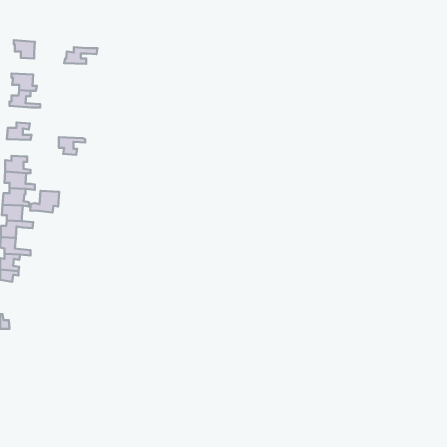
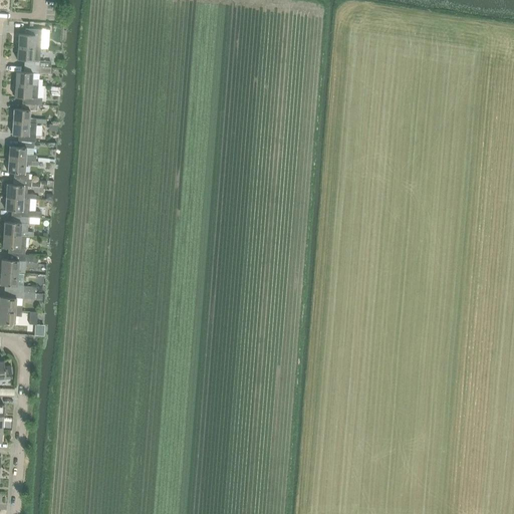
building: none -> [16,28,41,48]
building: [64,47,97,64] -> [13,66,51,85]
building: none -> [11,121,36,142]
building: [59,137,85,155] -> [8,160,38,180]
building: [30,191,59,212] -> none

